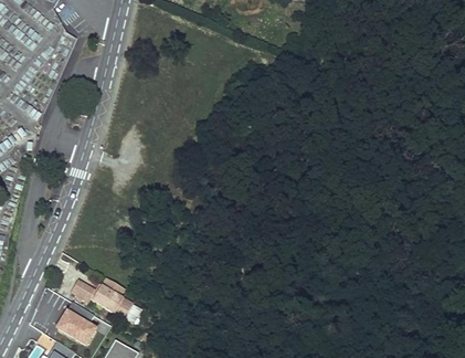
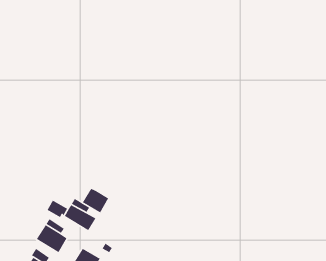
building: none -> [82,188,109,214]

